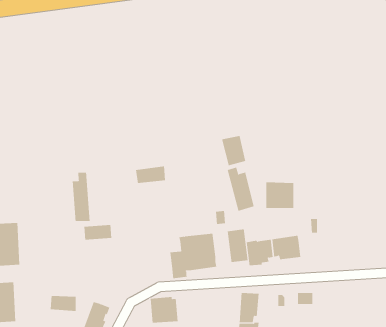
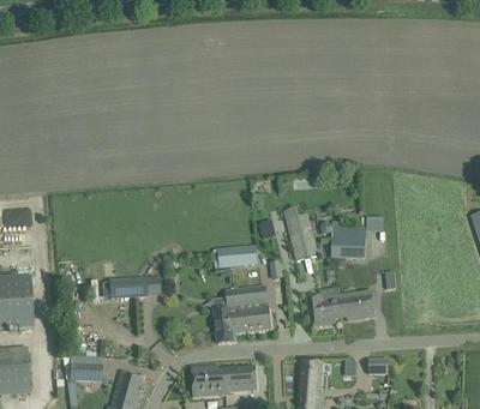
building: [221,135,246,166] -> none
building: [135,166,166,184] -> [218,243,256,265]
building: [72,172,90,222] -> none
building: [227,229,248,263] -> none
building: none -> [223,365,258,393]

